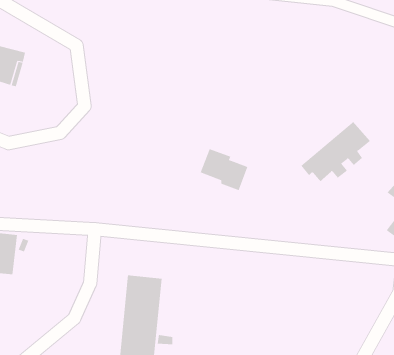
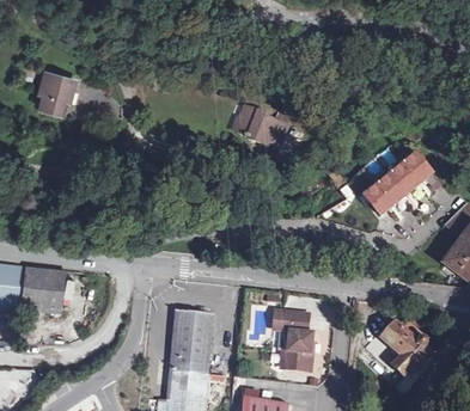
building: [200,148,248,191] -> [236,105,286,149]
building: none -> [274,313,313,372]
building: none -> [380,319,431,376]

